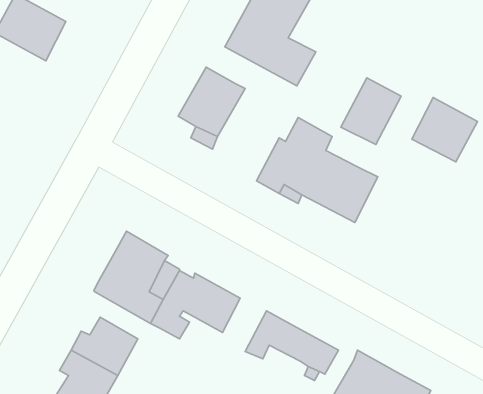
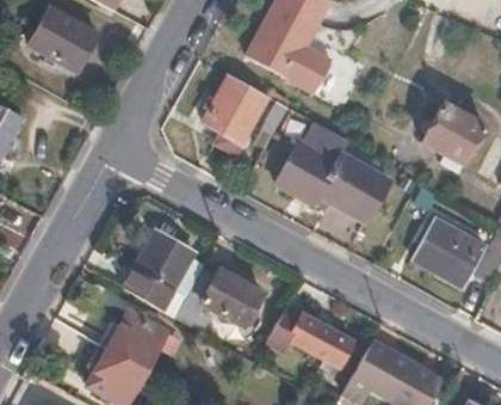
building: [341,78,401,145] -> none
building: none -> [420,235,480,287]

